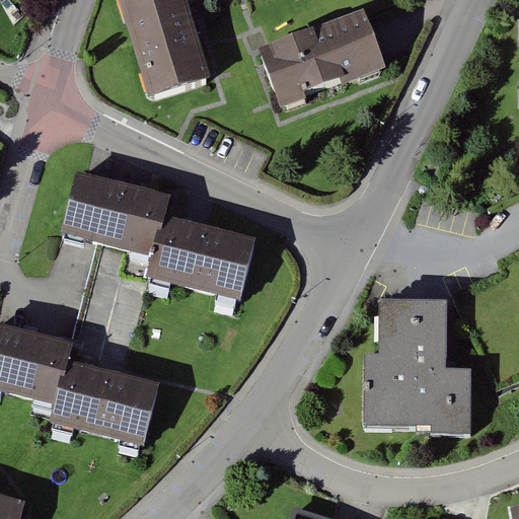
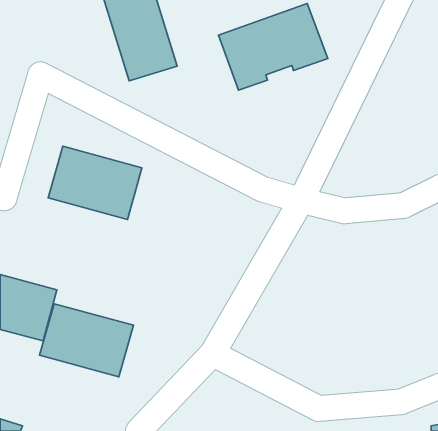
building: [147,215,255,300] -> none
building: [364,300,470,426] -> none

